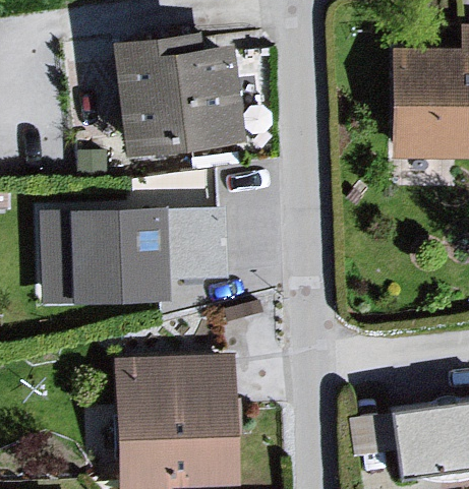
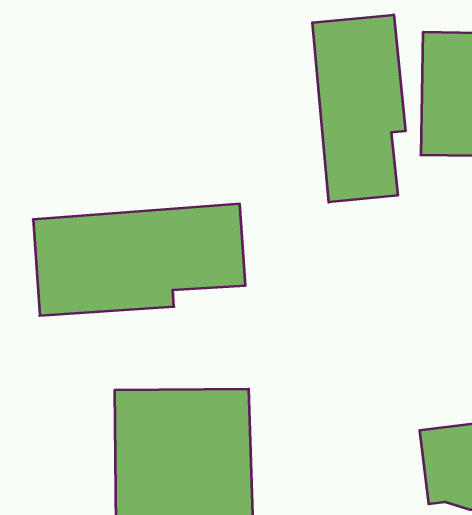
building: none -> [312,15,405,202]
building: [106,43,240,166] -> none

